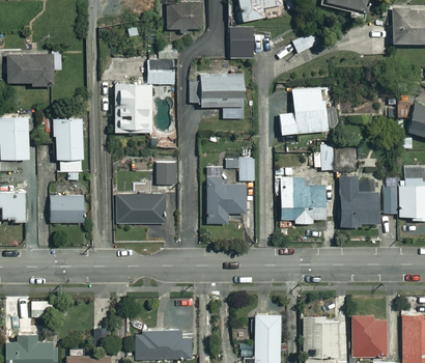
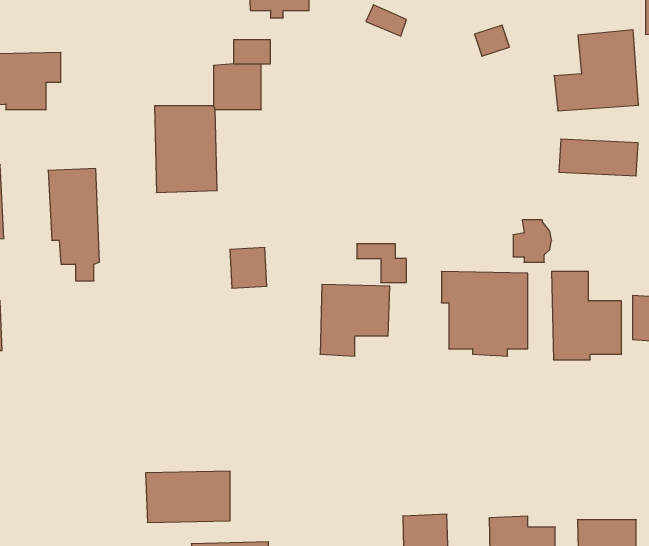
building: [230,45,256,60] -> none
building: [191,75,245,119] -> none
building: [279,88,327,134] -> [554,30,639,111]
building: [117,195,165,224] -> [146,471,230,523]
building: [55,198,86,225] -> none

